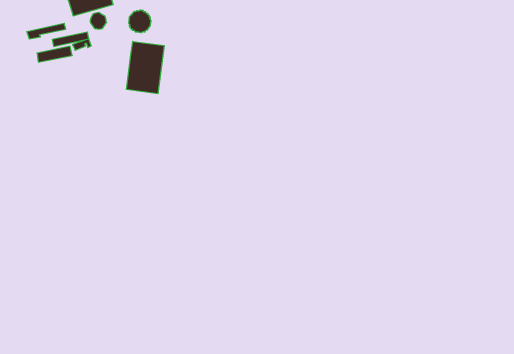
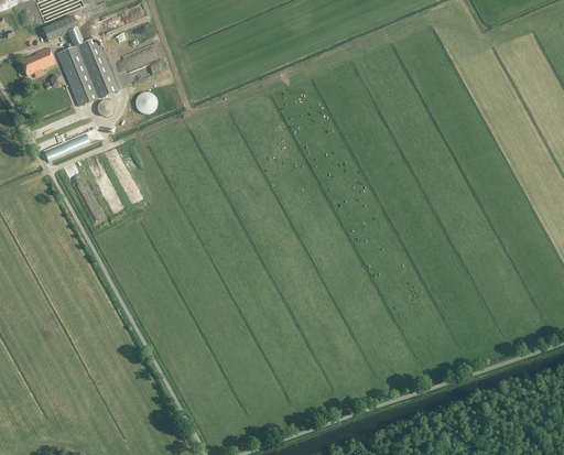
building: [127,41,164,94] -> none

